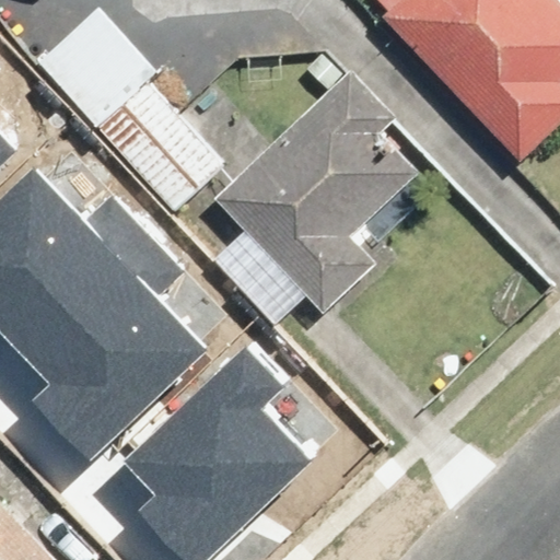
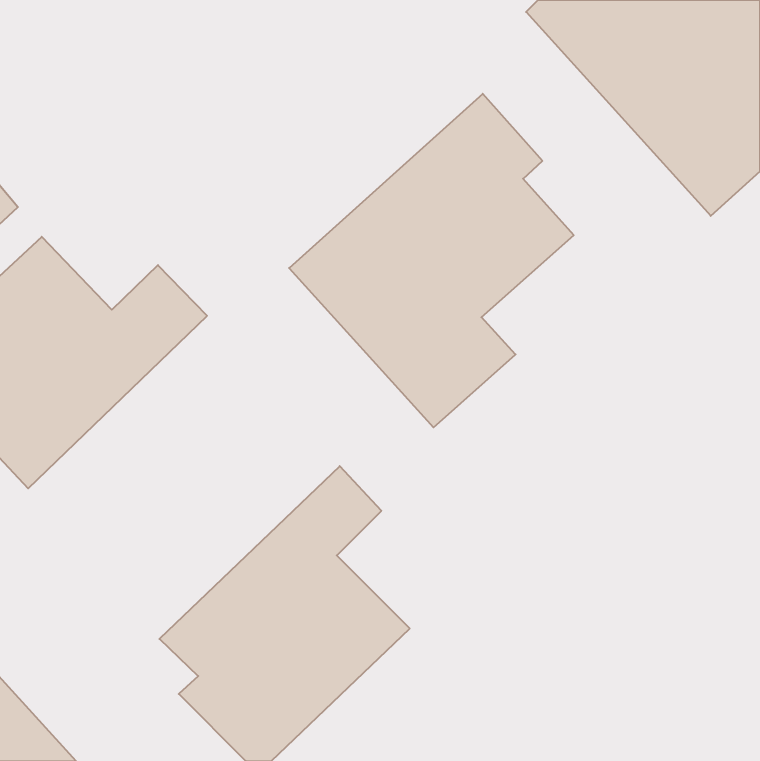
building: [38,5,228,210] -> none
building: [21,232,203,458] -> none

